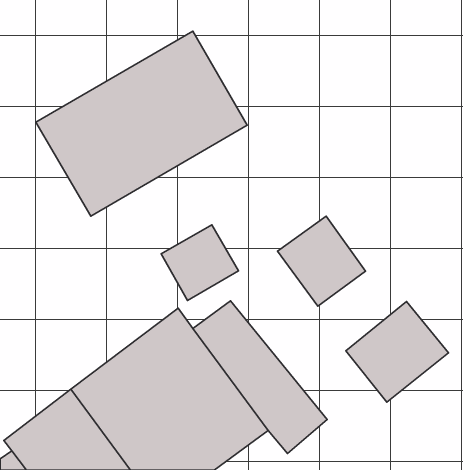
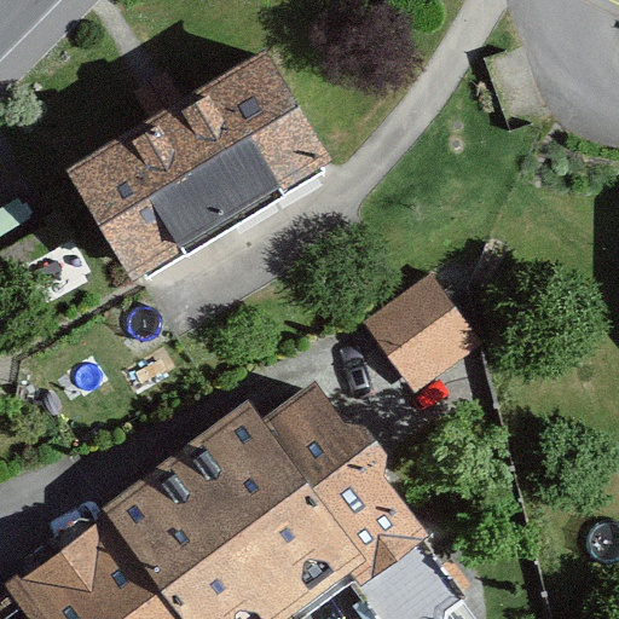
building: [161,225,238,300] -> none
building: [346,301,448,402] -> none

